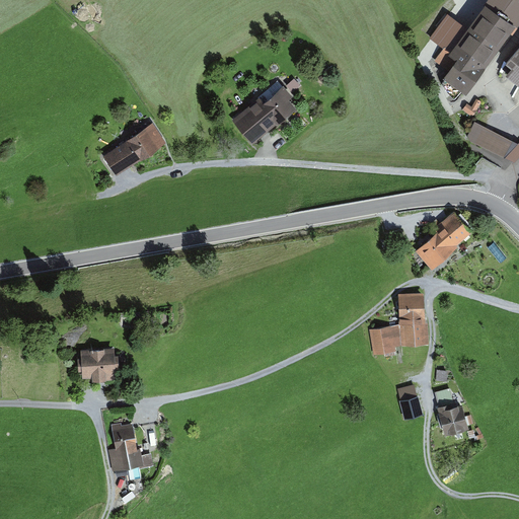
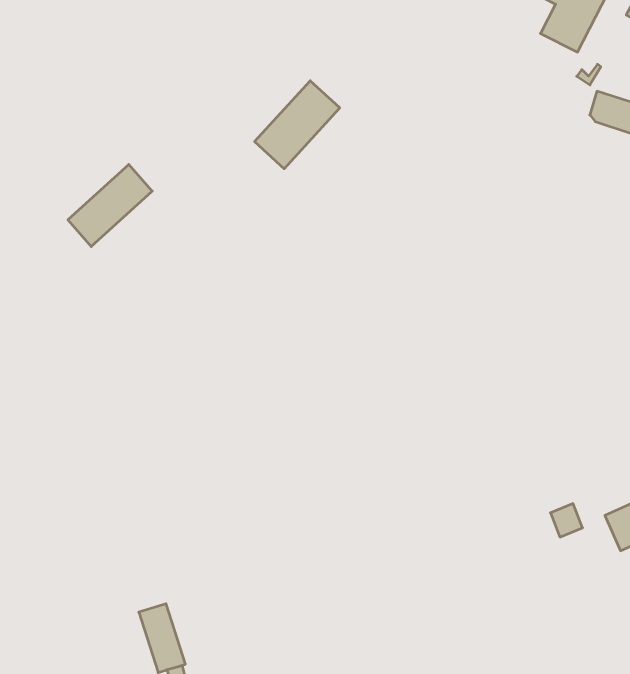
building: [414,216,469,267] -> none
building: [395,296,425,347] -> none
building: [371,327,394,354] -> none
building: [85,351,120,377] -> none

